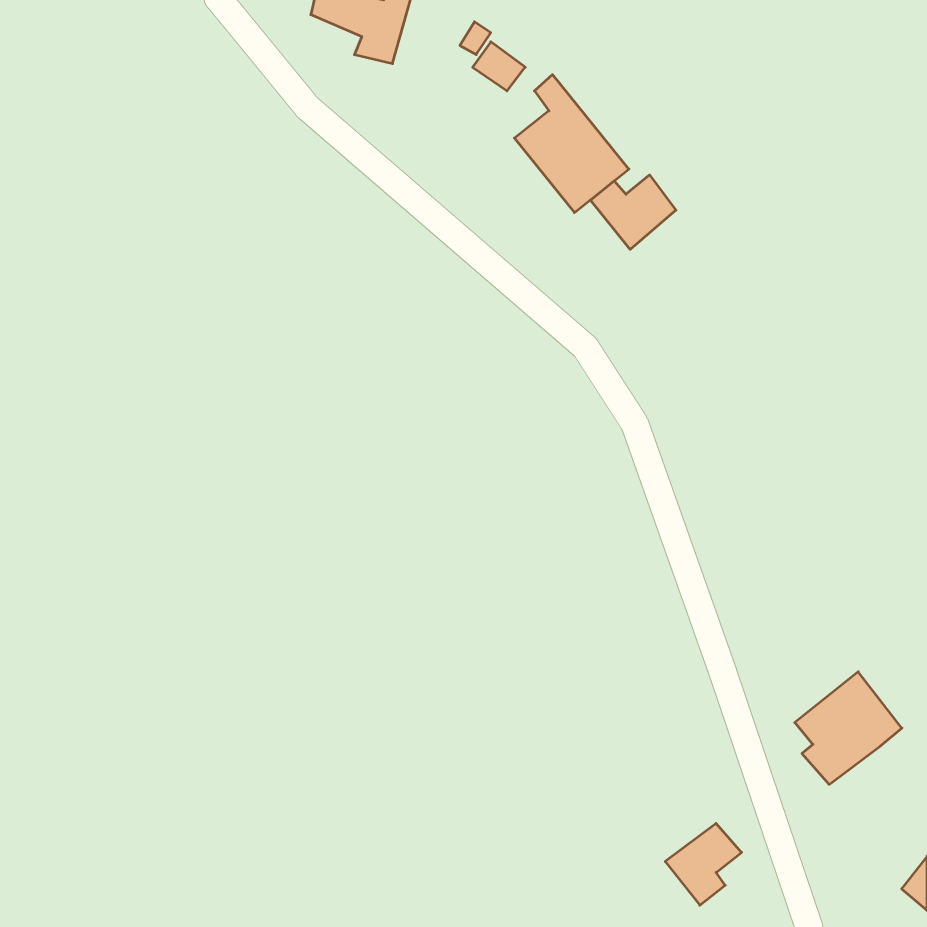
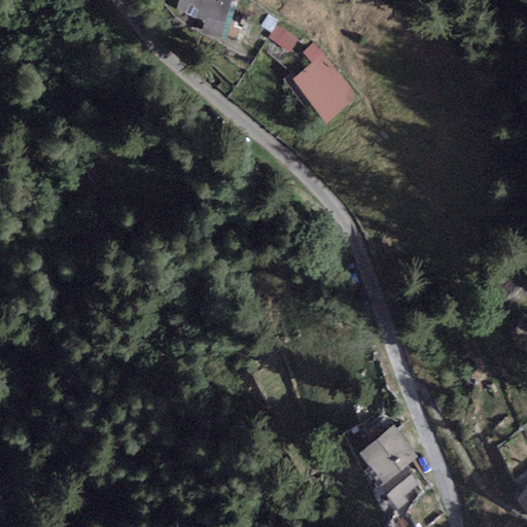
building: [590,175,676,249] -> none
building: [795,672,902,784] -> [357,424,418,488]

